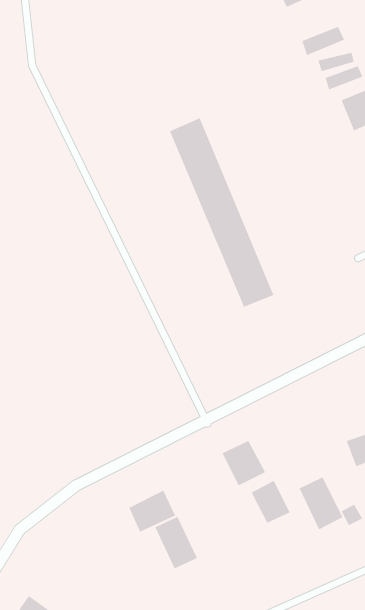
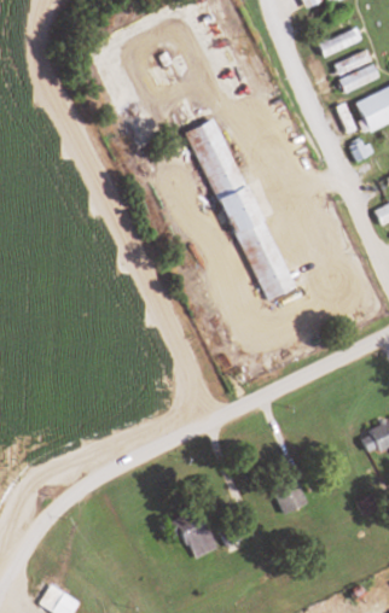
building: [222,440,266,486] -> none
building: [299,476,343,530] -> none
building: [129,490,176,533] -> none

